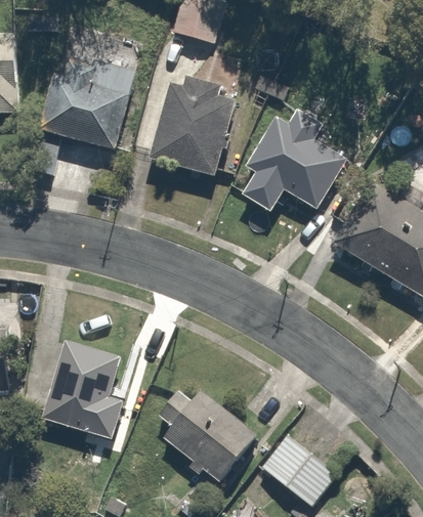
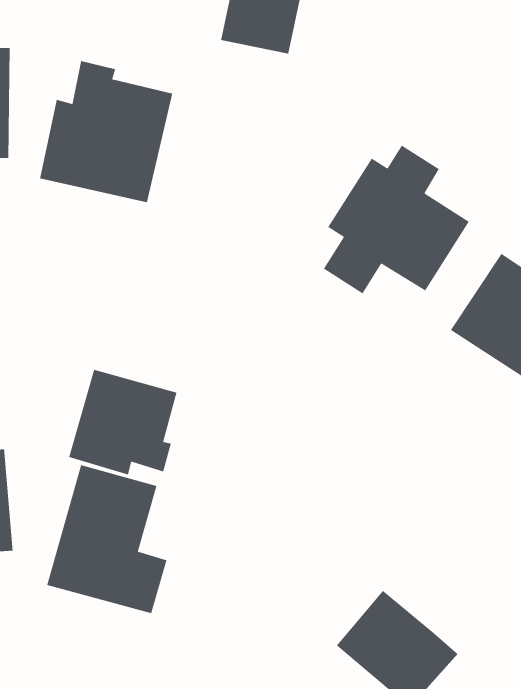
building: [146,78,238,178] -> none
building: none -> [68,369,178,476]
building: [154,377,258,484] -> none

